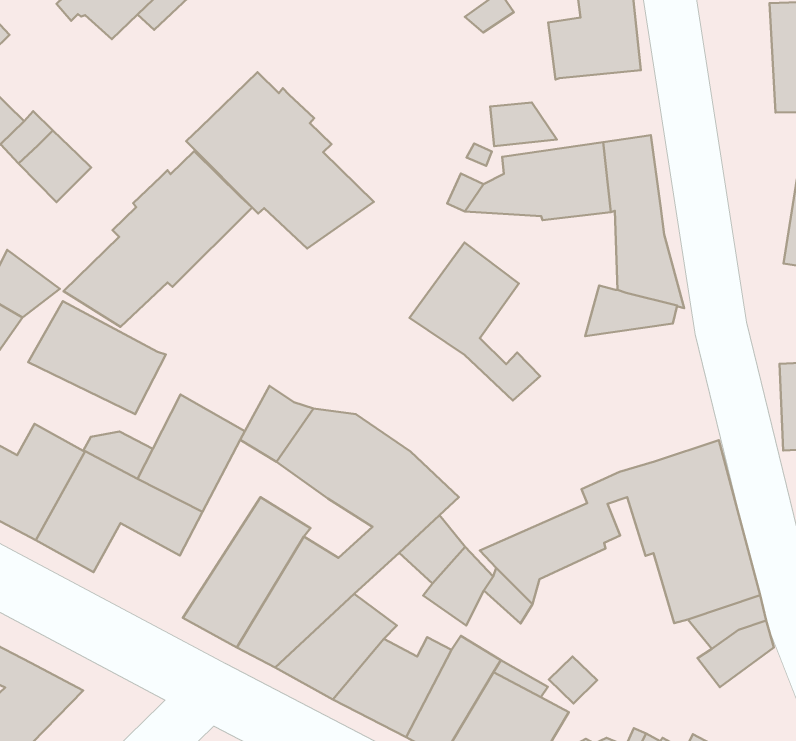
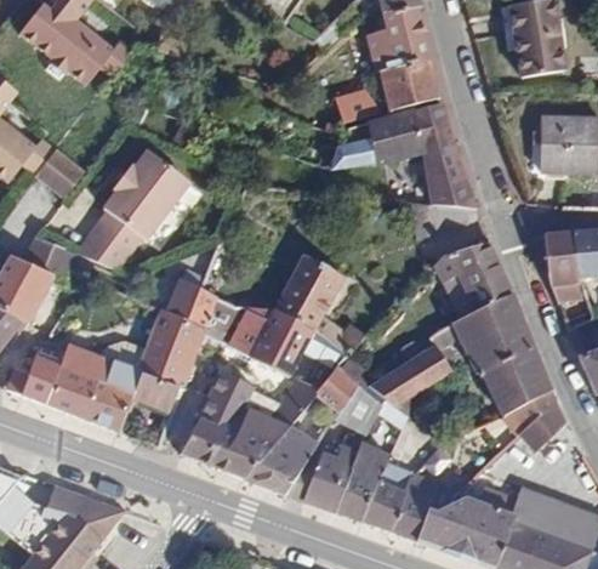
building: none -> [378,59,440,109]
building: [186,72,374,248] -> none
building: [410,243,540,401] -> [275,254,365,352]
building: [28,301,166,414] -> none
building: none -> [166,271,217,328]
building: none -> [437,239,513,312]

